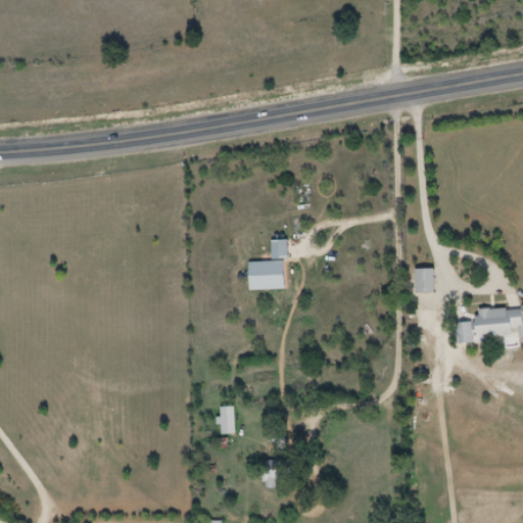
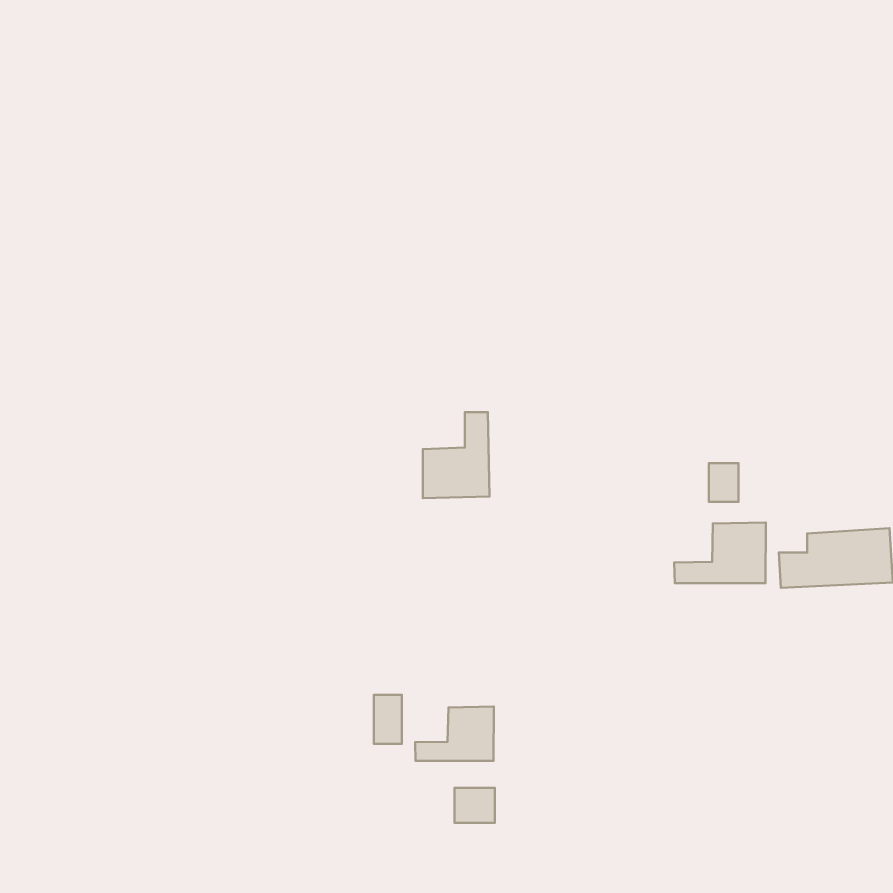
building: none -> [674,523,766,583]
building: none -> [415,707,494,761]

